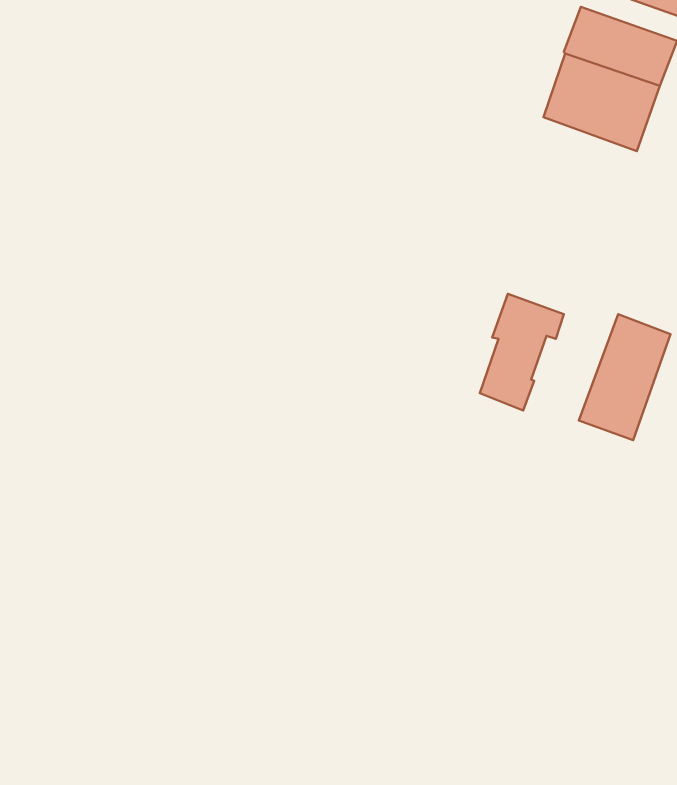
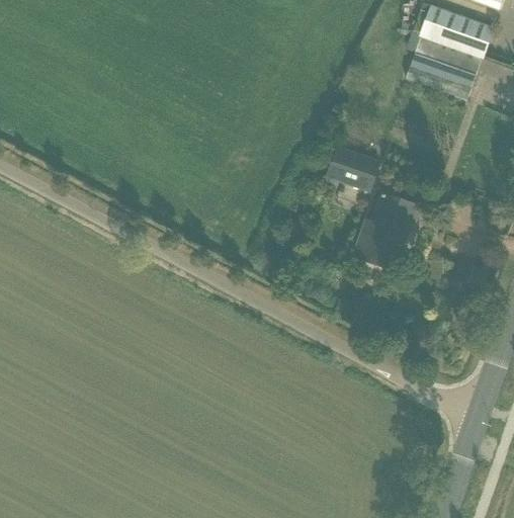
building: none -> [326,147,379,190]
building: [579,314,671,440] -> none

